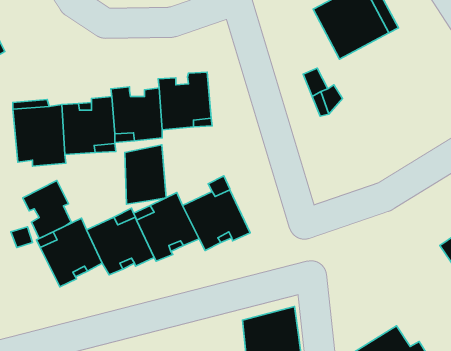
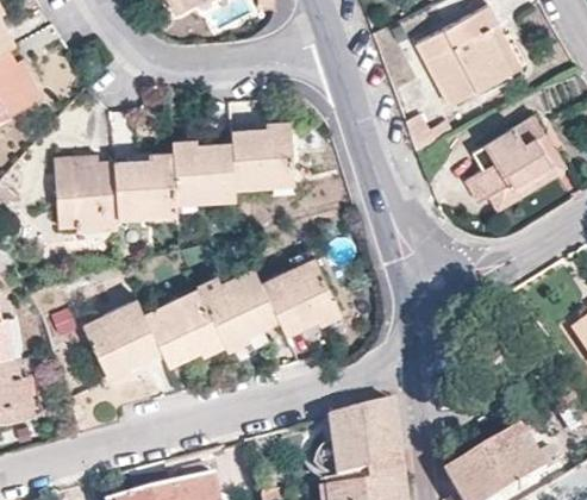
building: none -> [466,114,566,213]
building: [125,145,166,204] -> none
building: [23,180,71,238] -> none

